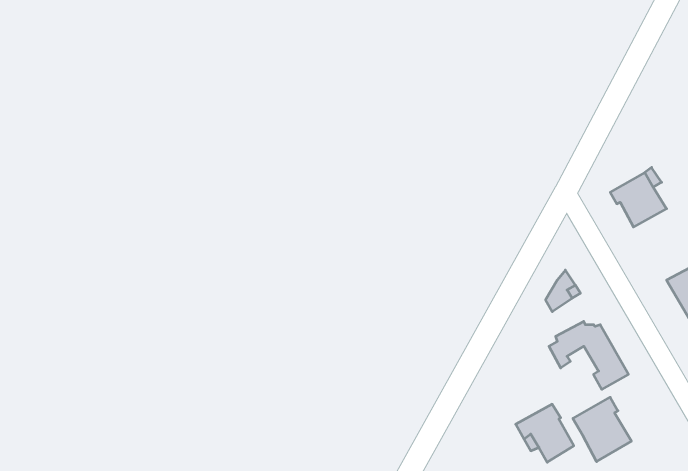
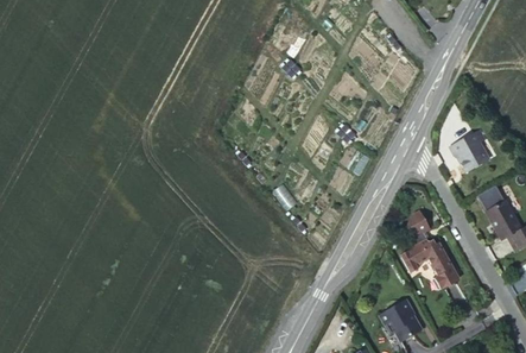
building: [573,397,631,462] -> none

